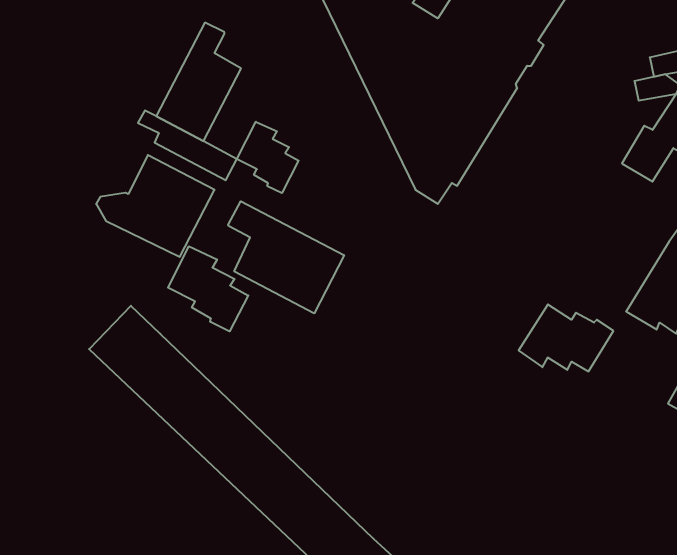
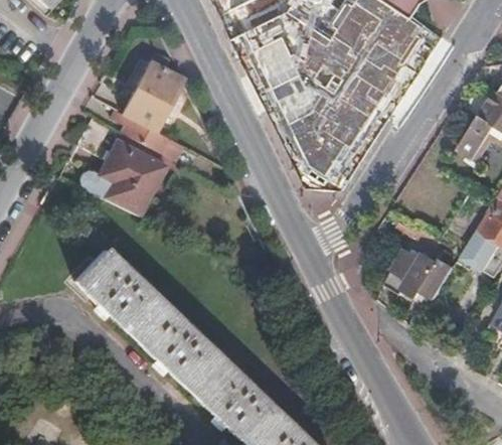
building: [237,122,299,193] -> none
building: [228,201,344,313] -> none
building: [168,246,248,331] -> none

